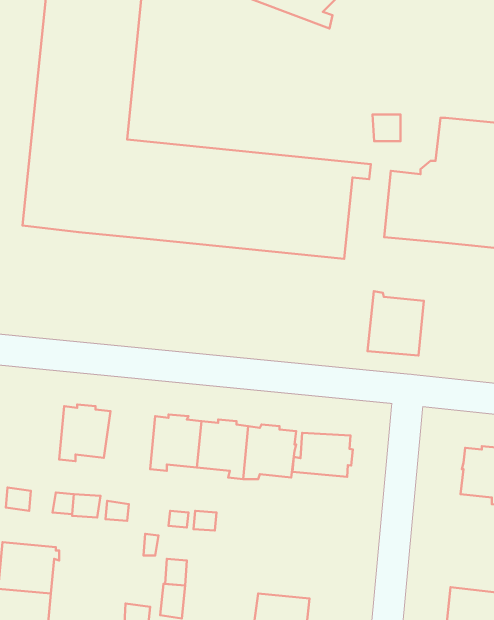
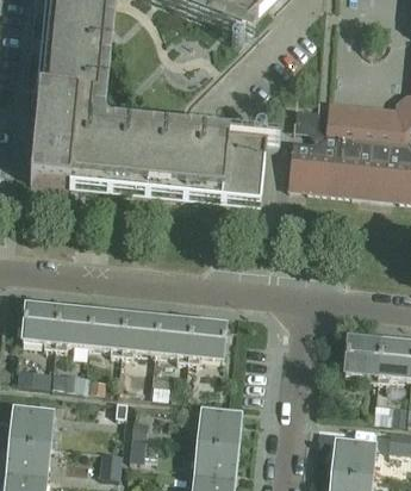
building: [367,291,424,355] -> none
building: none -> [23,303,60,346]
building: none -> [88,310,125,353]
building: [292,433,353,477] -> none
building: none -> [198,408,239,446]

